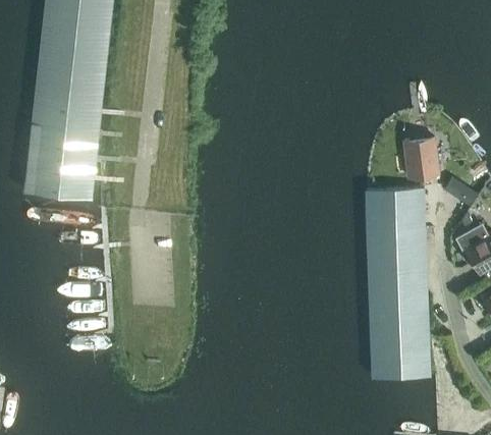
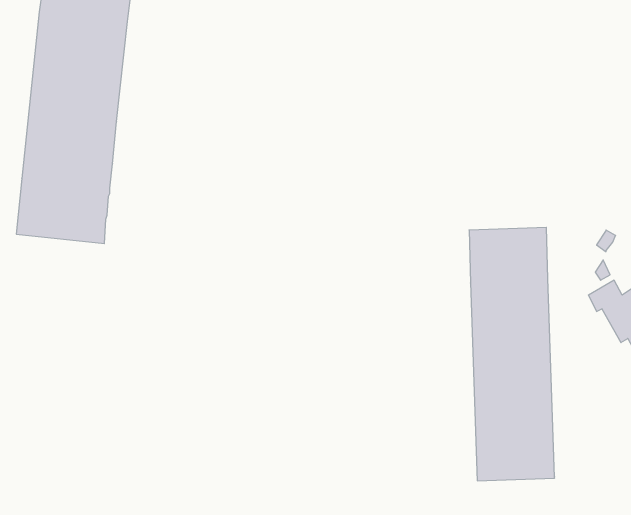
building: [403,138,438,177] -> none

